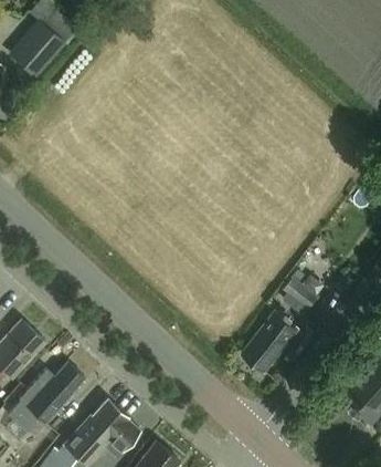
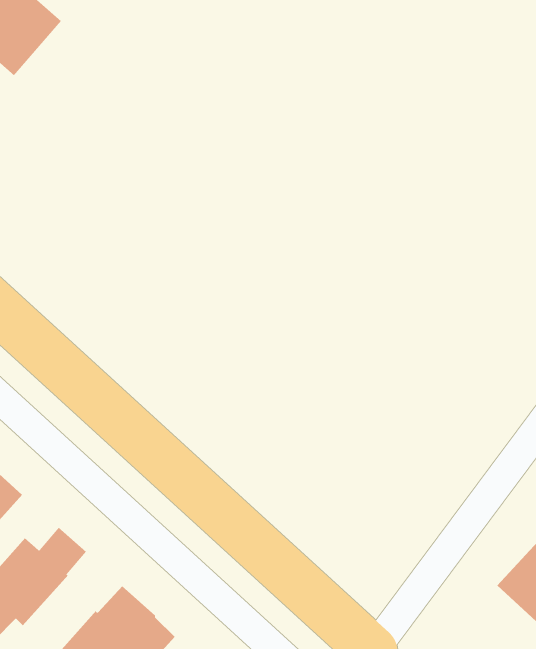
building: [283,278,319,314] -> none
building: [244,312,300,372] -> none

